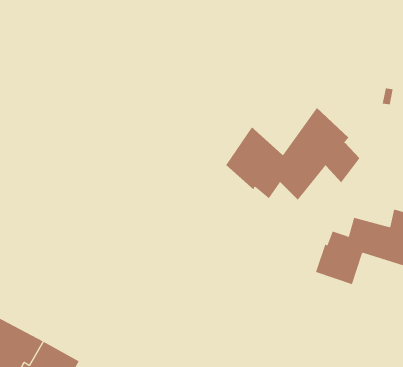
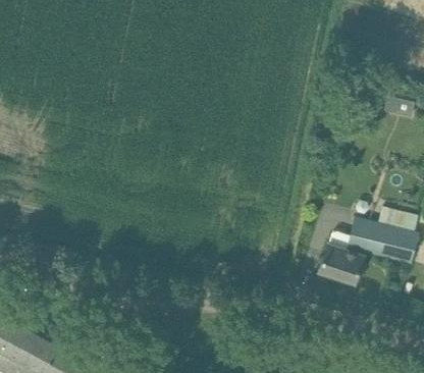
building: [225,107,360,200] -> none

